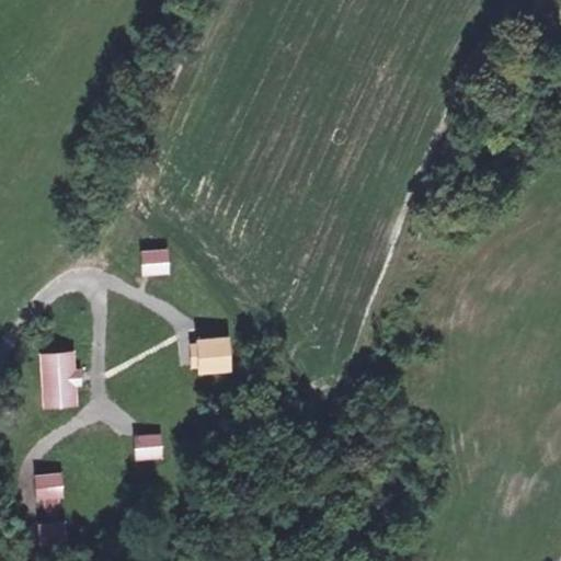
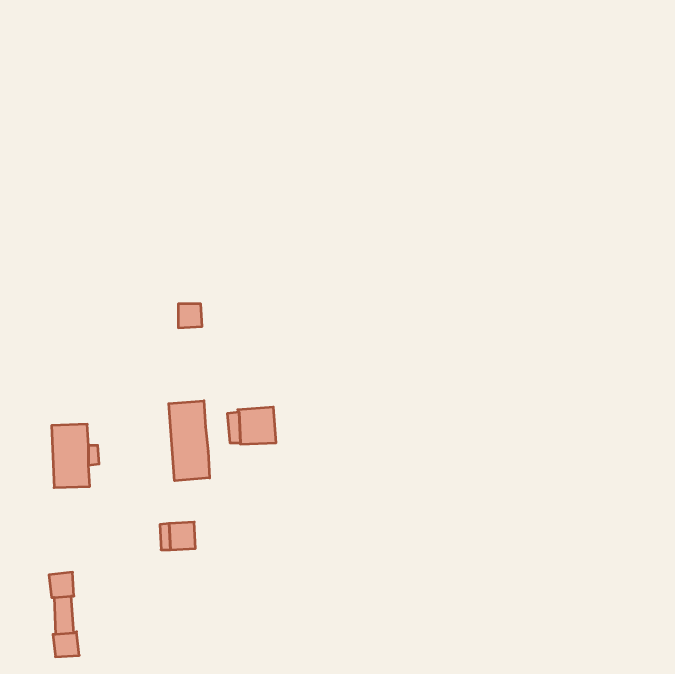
building: none -> [169,401,210,481]

